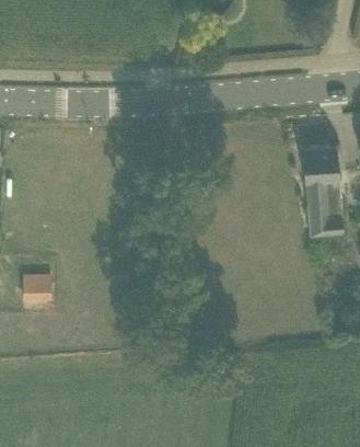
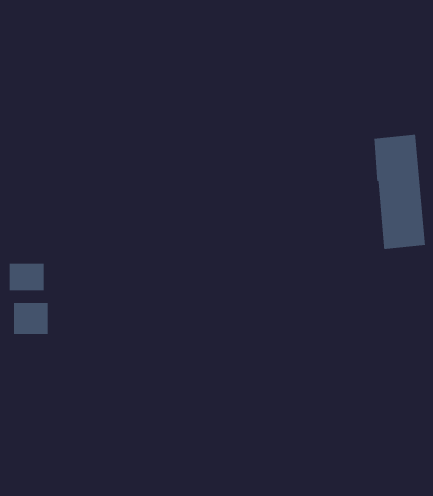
building: none -> [9,263,44,291]

